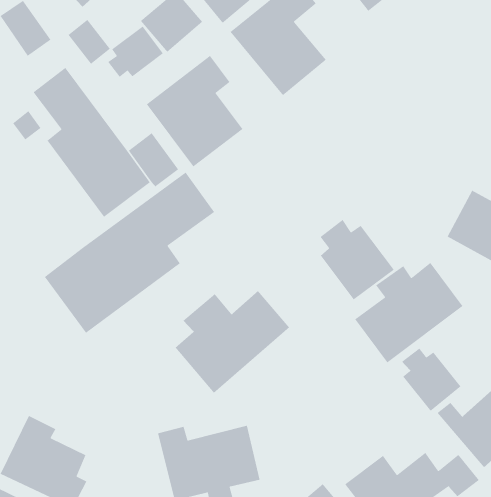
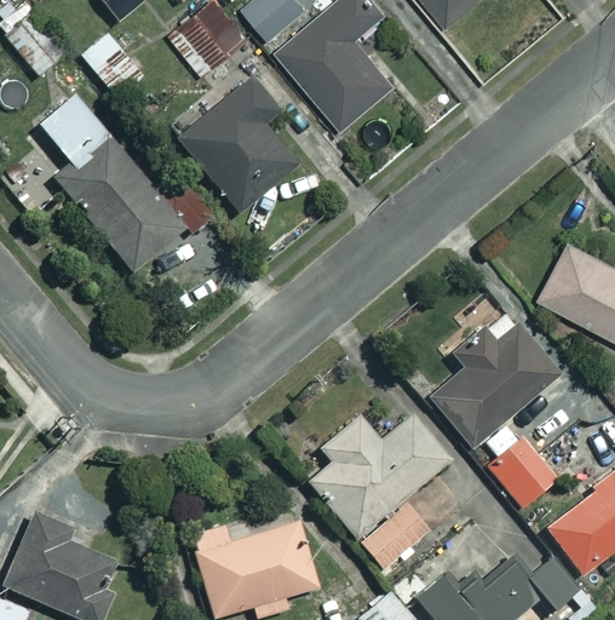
building: [107,25,164,78] -> none
building: [44,171,215,334] -> none
building: [320,219,395,300] -> none
building: [175,290,290,394] -> [310,413,449,538]
building: none -> [361,506,427,572]

